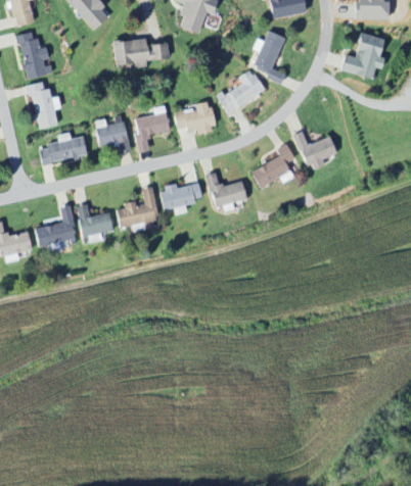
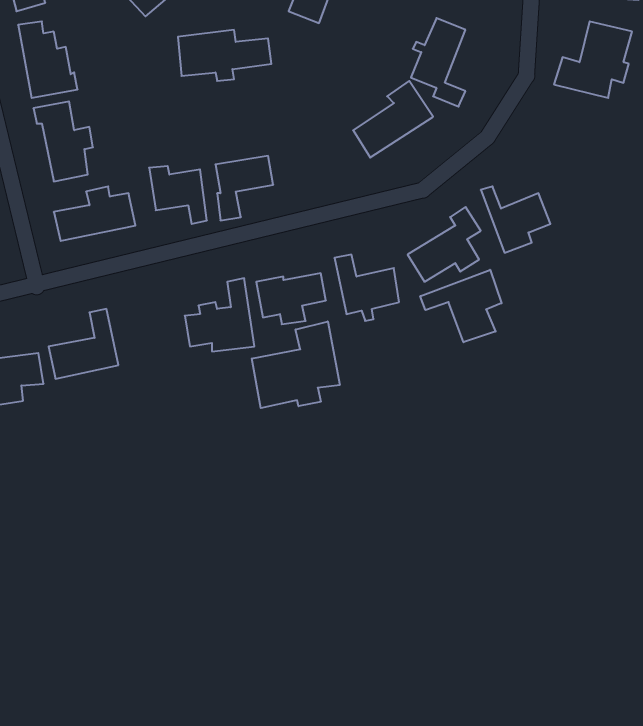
building: [175,101,215,133] -> none
building: none -> [420,270,502,342]
building: [77,204,113,244] -> none
building: none -> [252,321,340,408]

